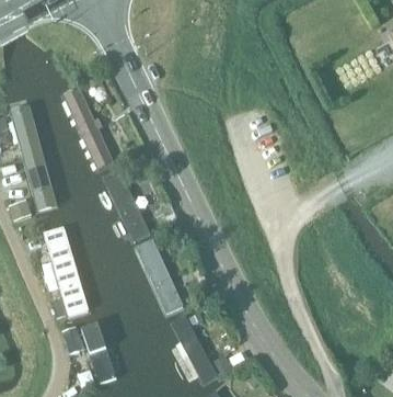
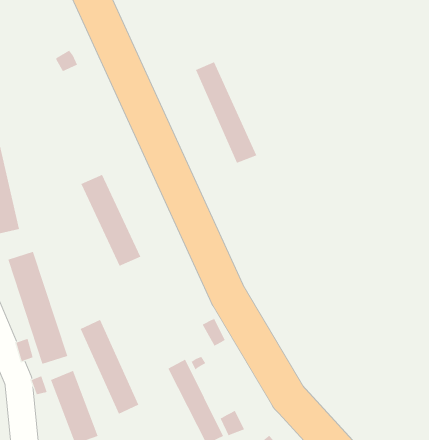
building: [63,87,113,168] -> [195,62,257,164]
building: [136,238,183,314] -> [80,319,139,414]

